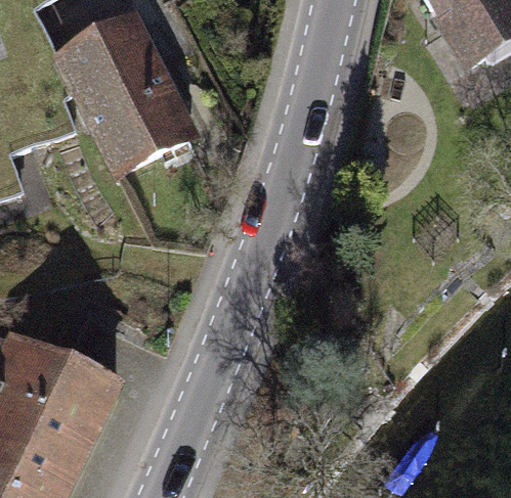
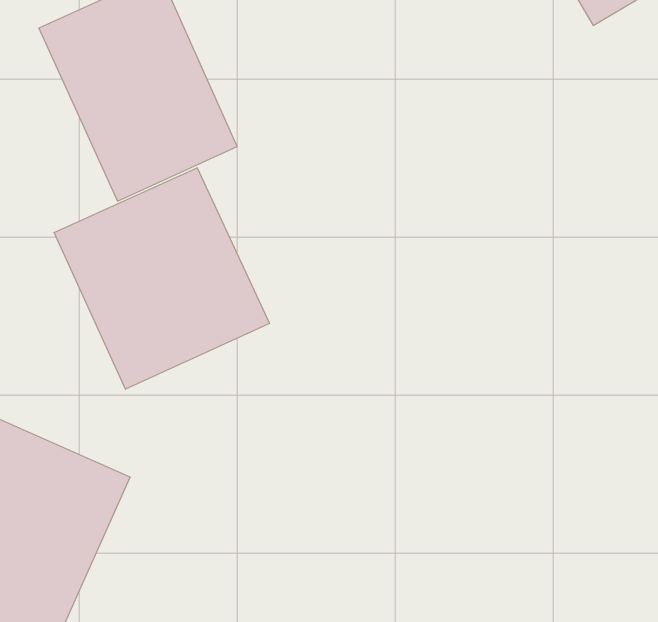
building: none -> [54,168,270,389]

